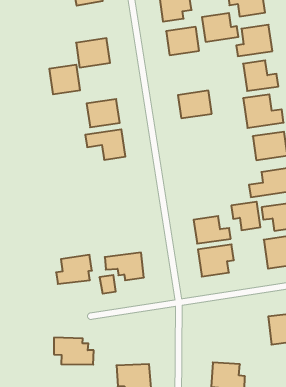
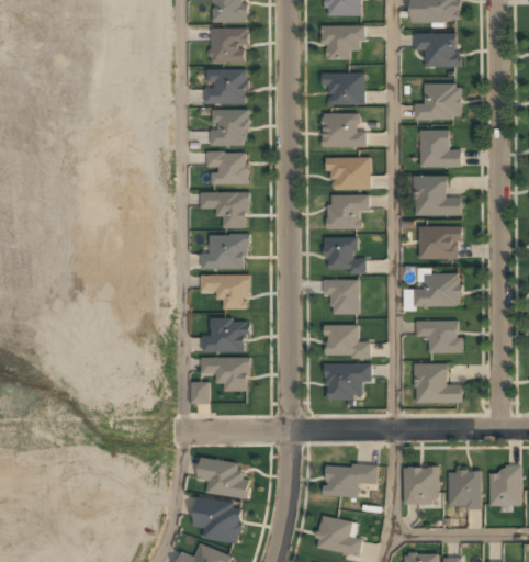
building: none -> [210,29,246,63]
building: [202,13,238,42] -> [322,113,365,146]
building: [49,65,80,94] -> [211,110,247,144]
building: none -> [326,195,368,229]
building: none -> [325,237,365,271]
building: none -> [201,235,247,269]
building: none -> [201,274,248,308]
building: [231,202,260,230] -> [324,279,358,313]
building: [56,255,92,284] -> [202,318,249,351]
building: none -> [324,464,376,497]
building: [54,338,94,365] -> [199,456,251,498]

